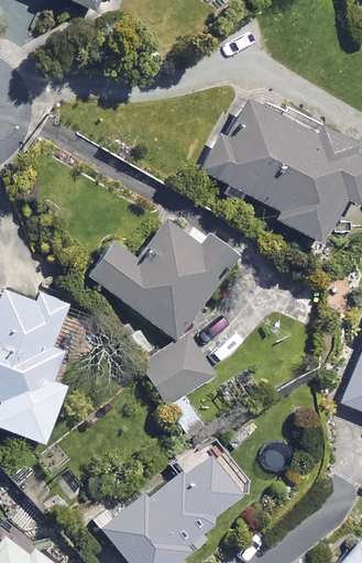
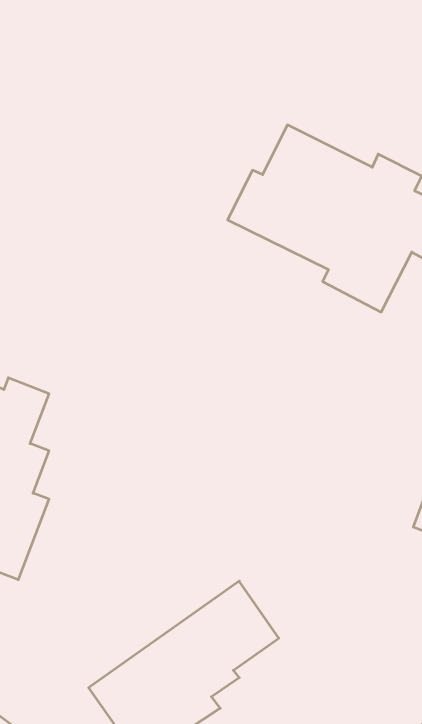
building: [89,221,235,407] -> none

